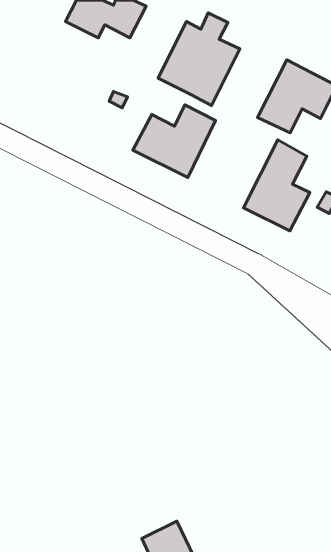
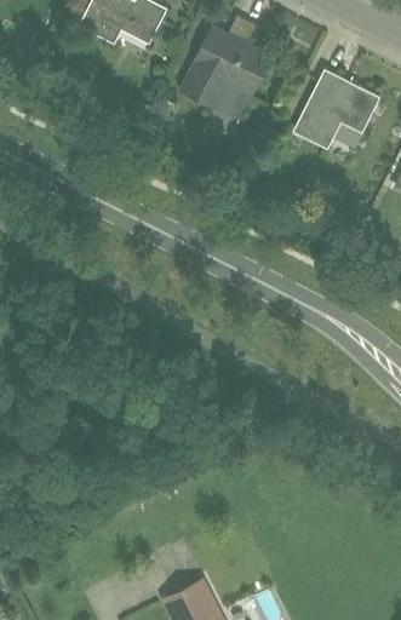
building: [133,105,216,178] -> none
building: [243,140,310,231] -> none

